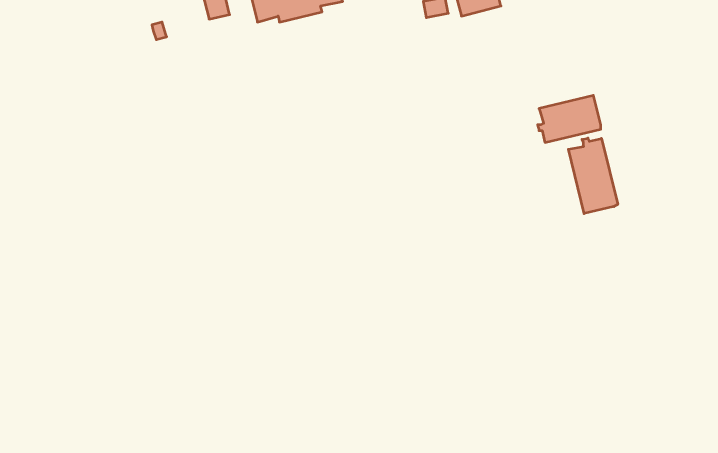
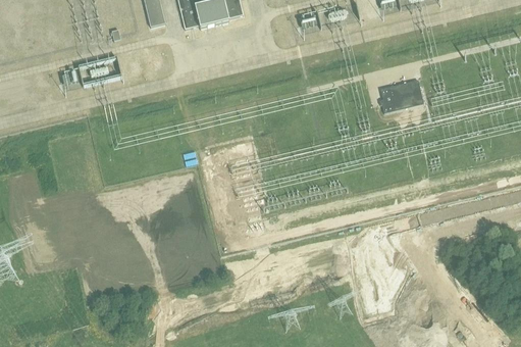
building: [568,138,618,214] -> none

